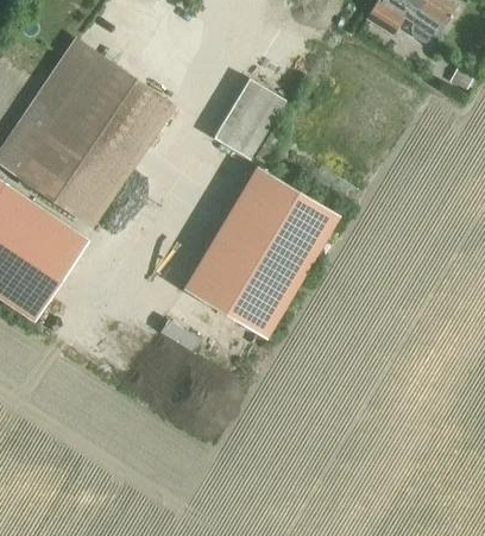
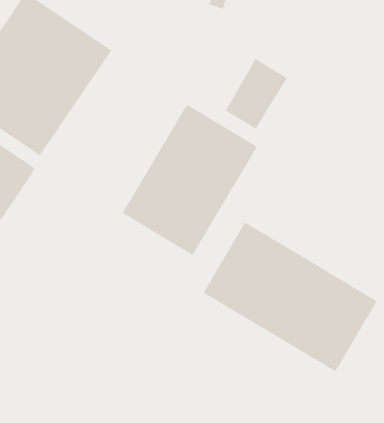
building: [214,77,285,158] -> [225,58,288,129]
building: none -> [203,222,377,372]

